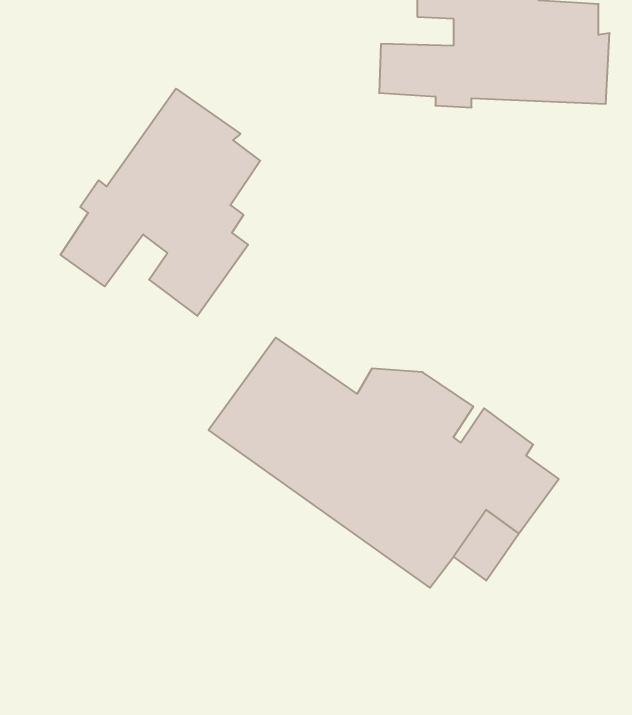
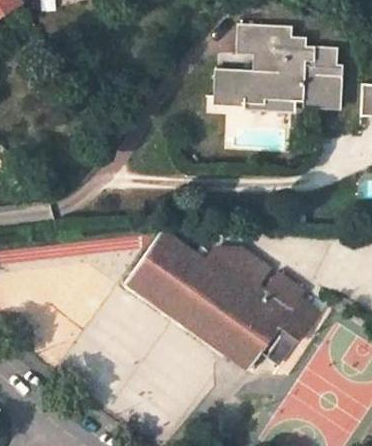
building: [61,89,260,316] -> none

